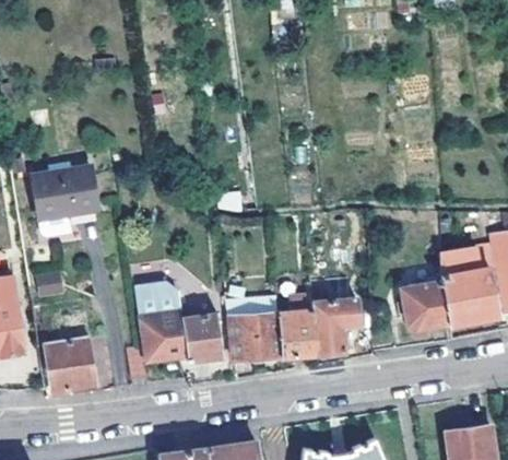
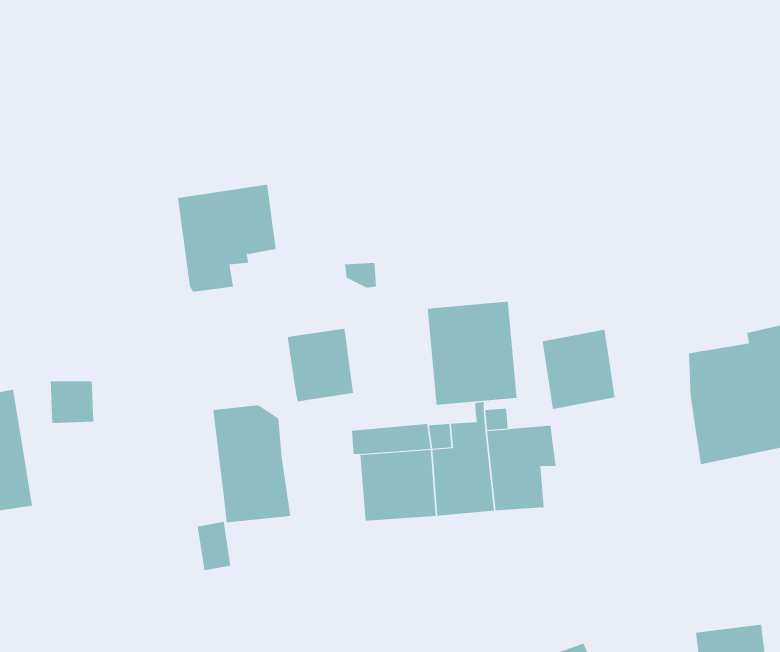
building: [35,179,98,248] -> [177,184,276,292]
building: none -> [427,301,517,406]
building: [402,281,449,332] -> [542,329,615,410]
building: [182,315,225,362] -> [287,328,354,402]
building: [46,339,97,392] -> none

